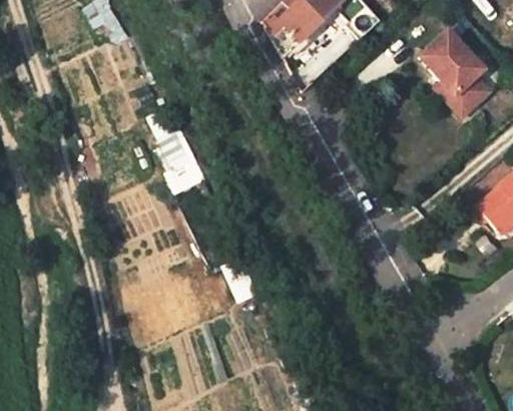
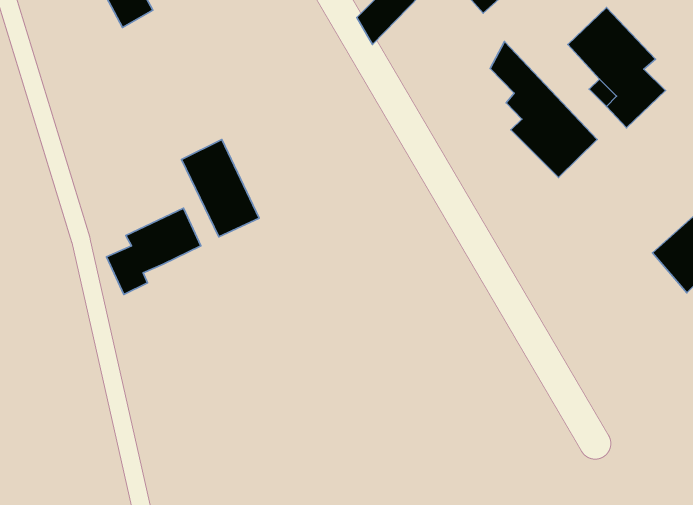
building: none -> [490,42,597,178]
building: none -> [106,208,201,294]

